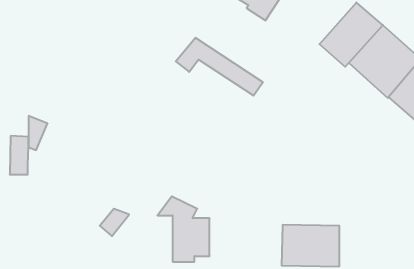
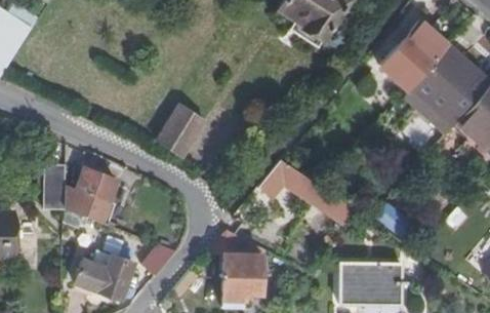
building: [176,38,263,96] -> [258,160,353,223]
building: none -> [158,107,203,156]
building: none -> [65,167,117,224]
building: none -> [76,256,133,299]

